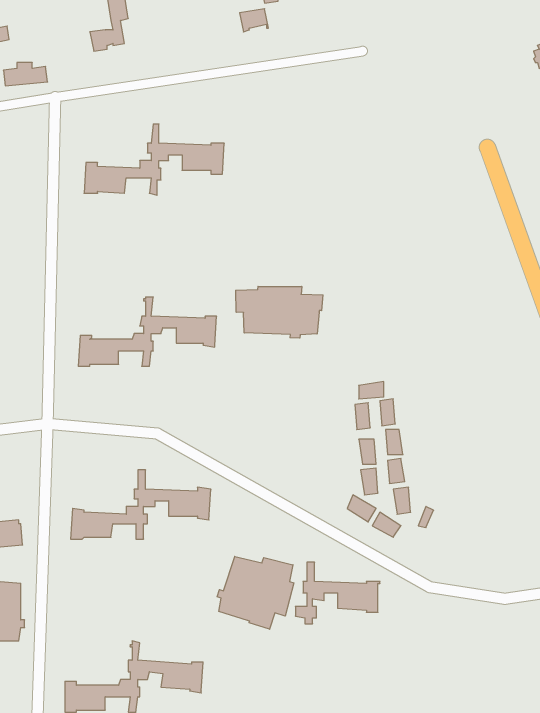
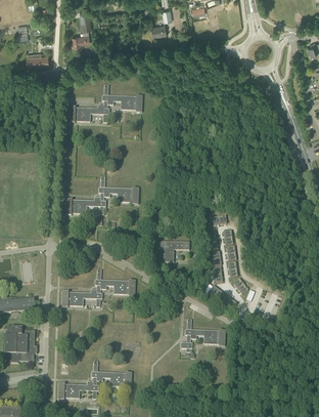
building: [236,286,323,338] -> none
building: none -> [158,241,188,261]
building: [217,556,294,629] -> none

